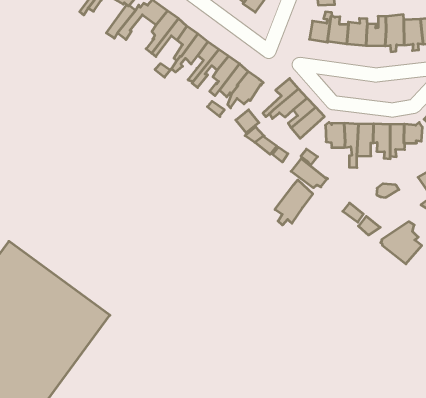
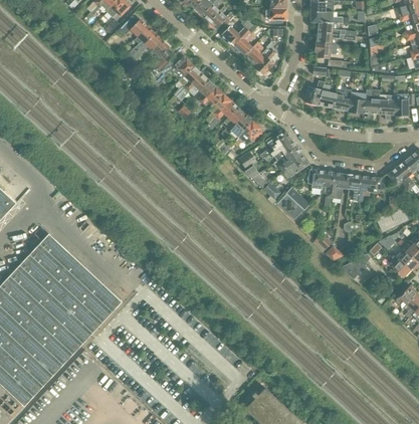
building: [275,180,313,225] -> none

